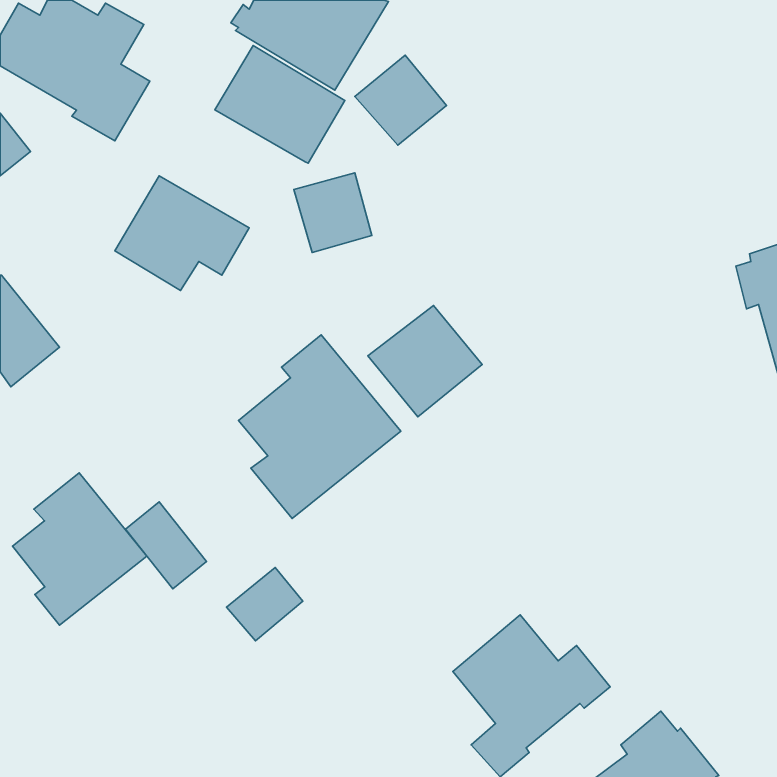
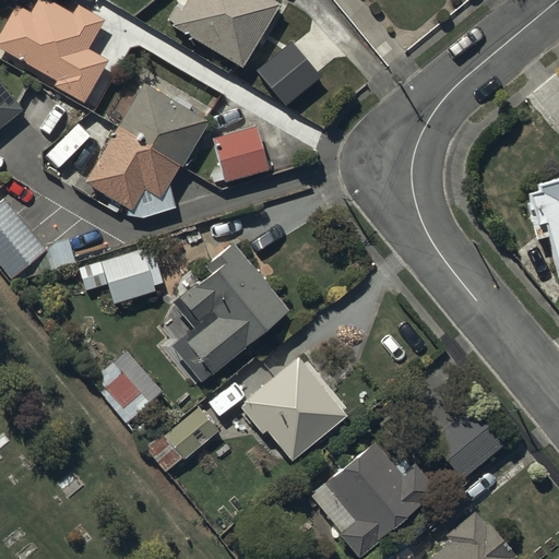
building: [215,45,345,163] -> [117,83,210,167]
building: [368,306,482,417] -> none
building: none -> [102,250,156,305]
building: [13,473,147,625] -> none
building: none -> [242,357,347,462]
building: none -> [431,407,506,480]

